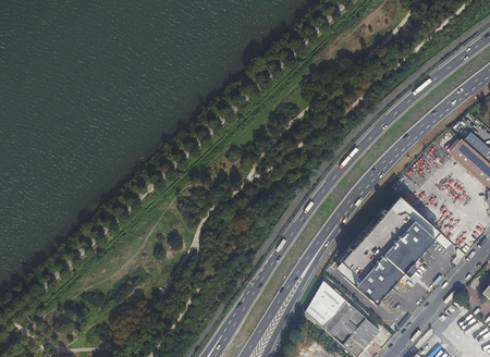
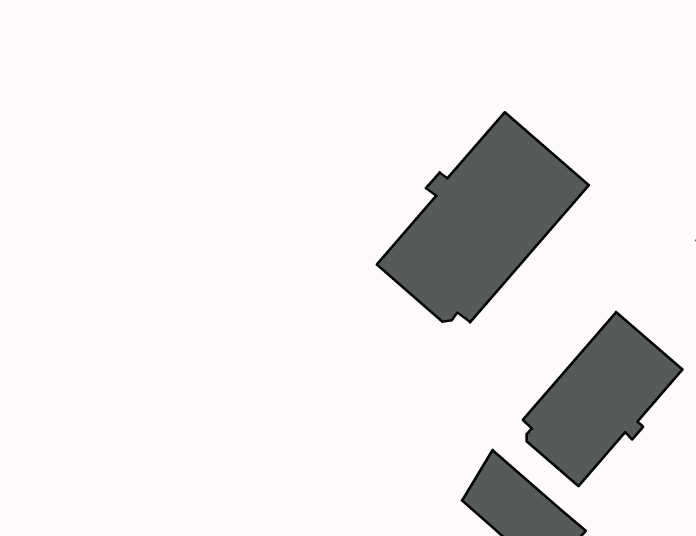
building: none -> [377,112,589,322]

